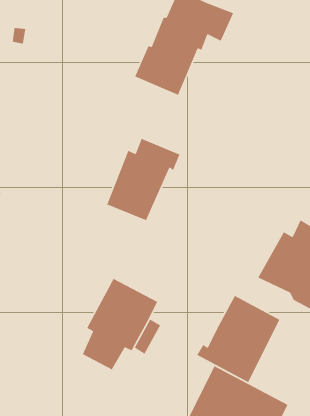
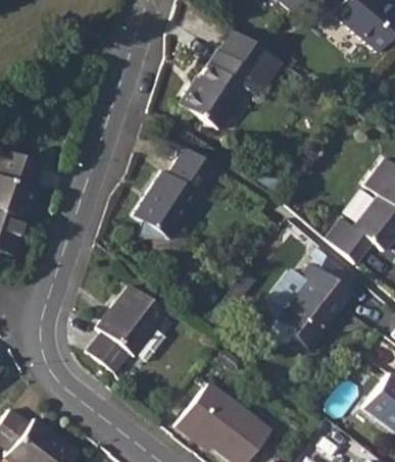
building: [196,295,281,383] -> none

